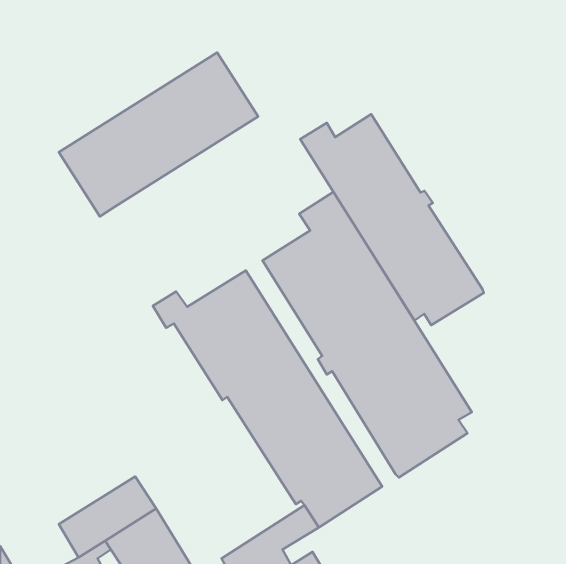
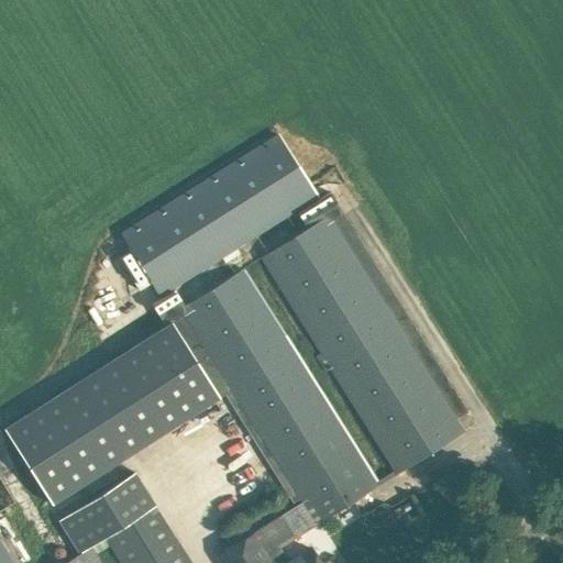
building: [59,52,258,216] -> [121,134,319,297]
building: [300,114,484,325] -> none
building: none -> [5,323,221,505]

